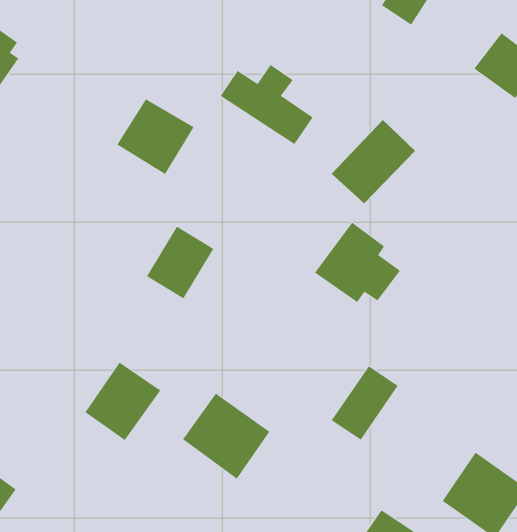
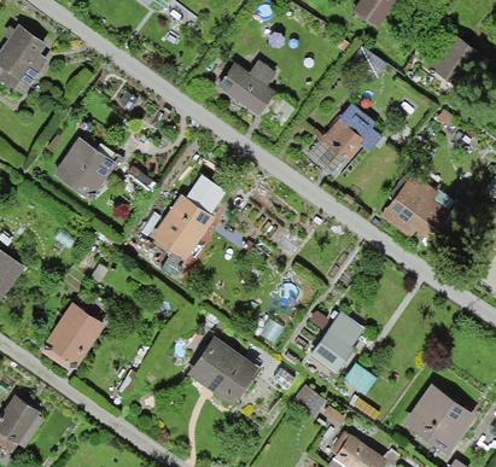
building: [117,98,194,175] -> [53,138,118,202]
building: [314,222,401,303] -> [380,171,453,239]
building: [85,362,161,441] -> [43,303,107,369]

